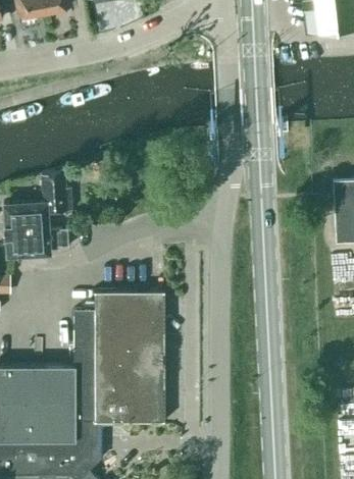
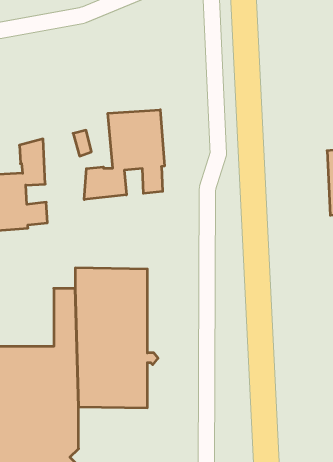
building: none -> [84,110,164,200]

